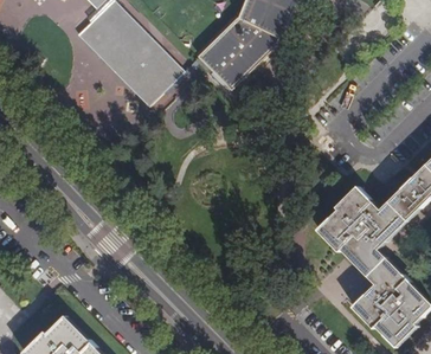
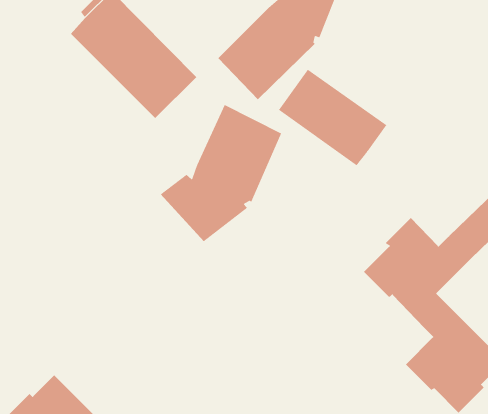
building: none -> [278,69,387,166]
building: none -> [160,104,282,242]

